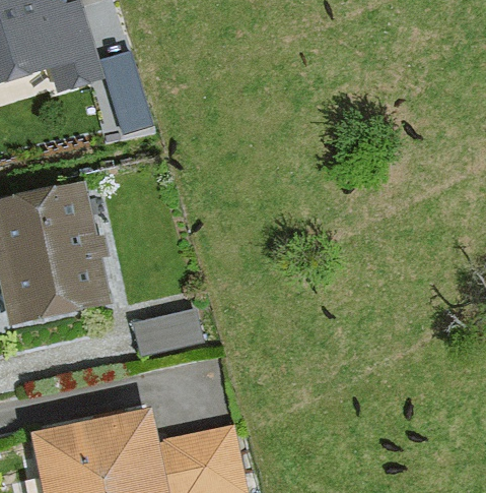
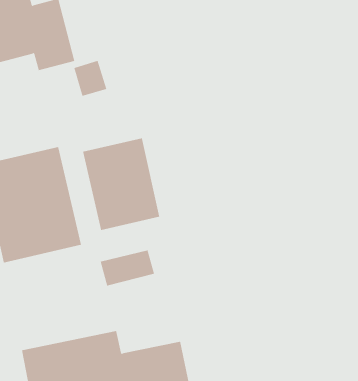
building: none -> [82,138,160,231]

